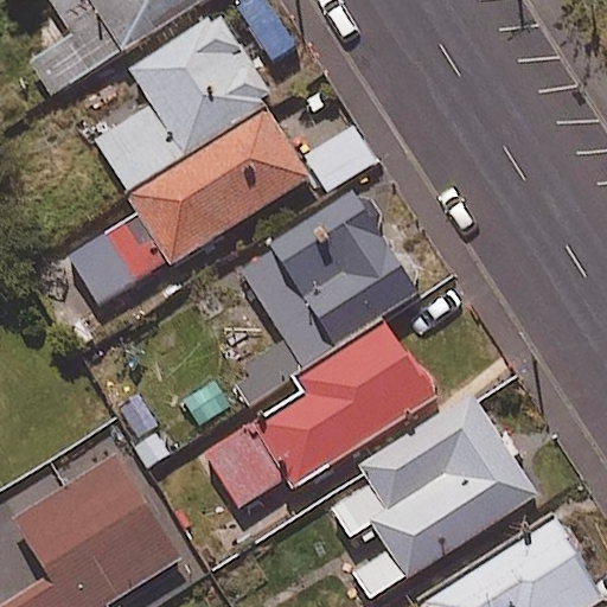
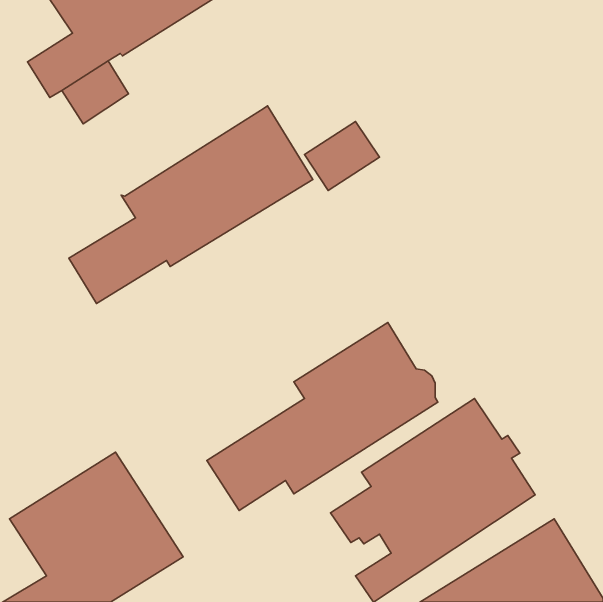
building: [88,18,319,196] -> none
building: [230,193,418,408] -> none

